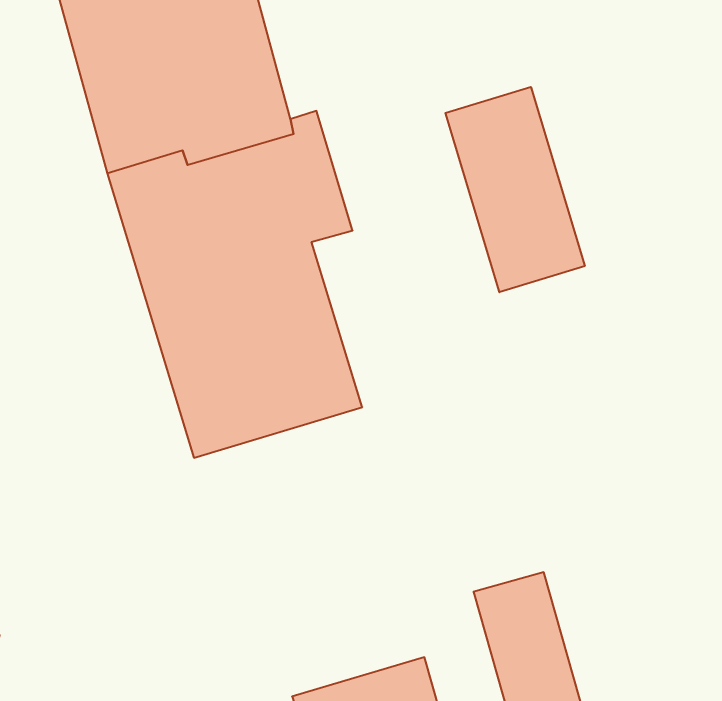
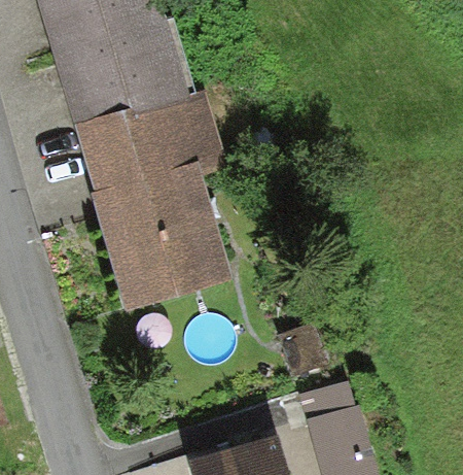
building: [445,87,585,292] -> none

